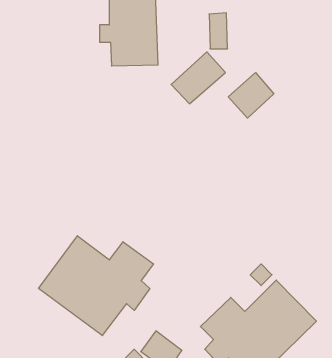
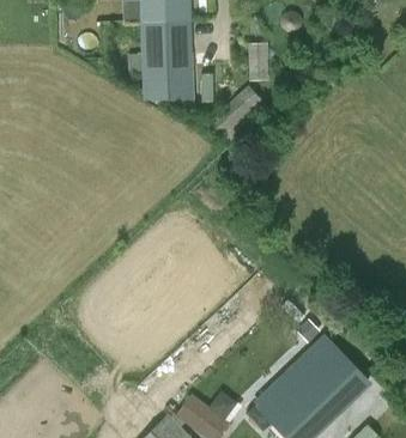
building: [228,73,274,118] -> none
building: [39,236,154,336] -> none

